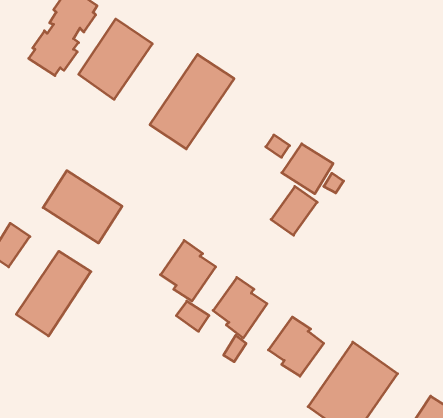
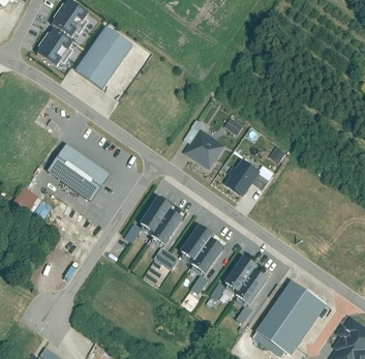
building: [150,54,234,149] -> none
building: [282,144,333,194] -> [184,129,224,169]
building: [16,251,91,336] -> none

